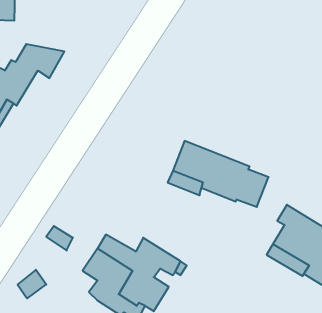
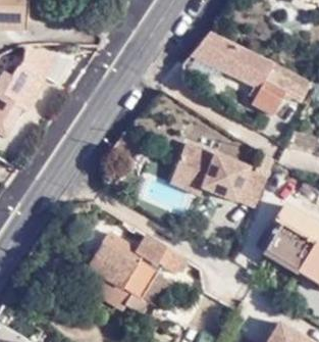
building: none -> [191,34,313,113]

